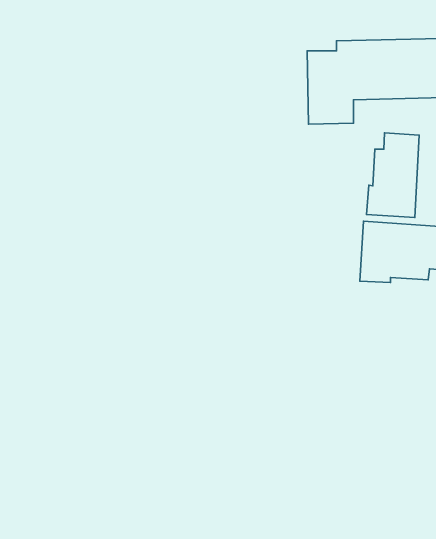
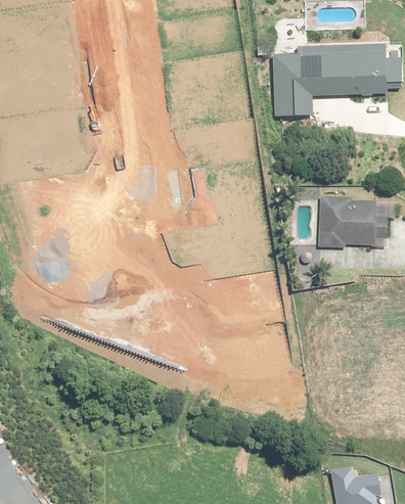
building: [366,133,419,218] -> none

